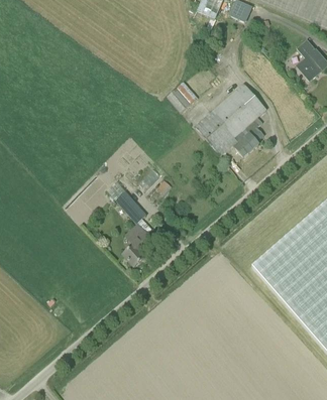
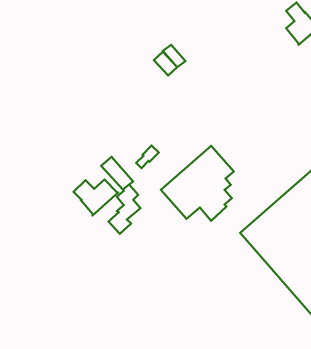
building: [194,82,265,155] -> [161,146,234,221]
building: none -> [73,180,118,215]

